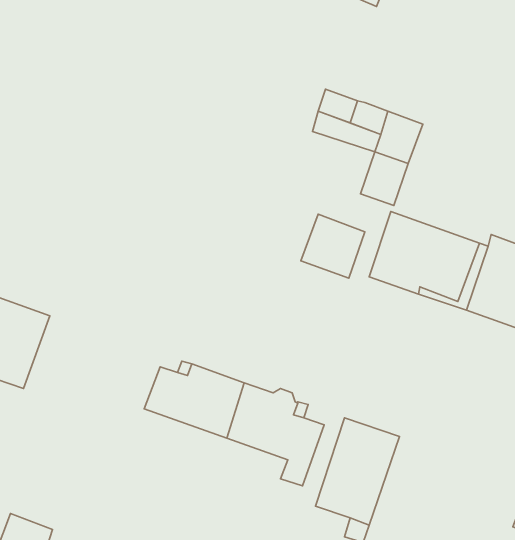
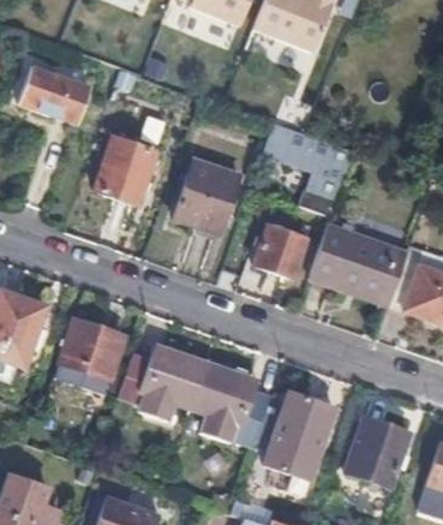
building: none -> [18,66,88,123]
building: none -> [95,137,155,204]
building: none -> [173,157,239,233]
building: none -> [55,320,122,394]
building: none -> [345,419,408,489]

